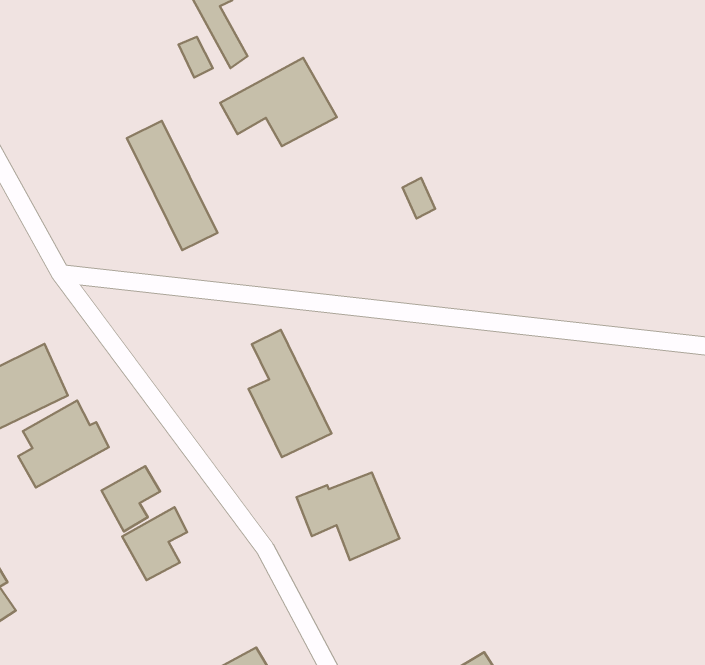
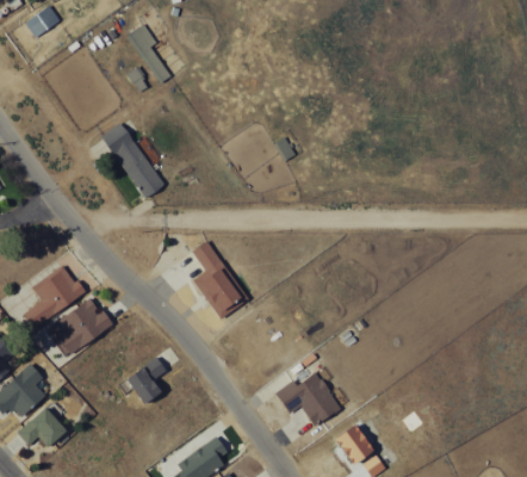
building: [220,58,337,146] -> none
building: [101,466,160,531] -> none
building: [297,473,399,560] -> [275,371,341,426]

